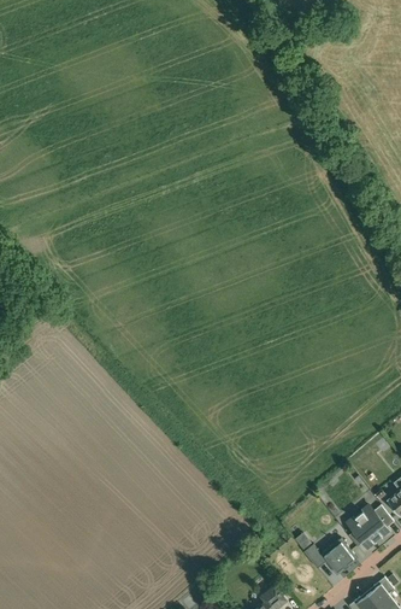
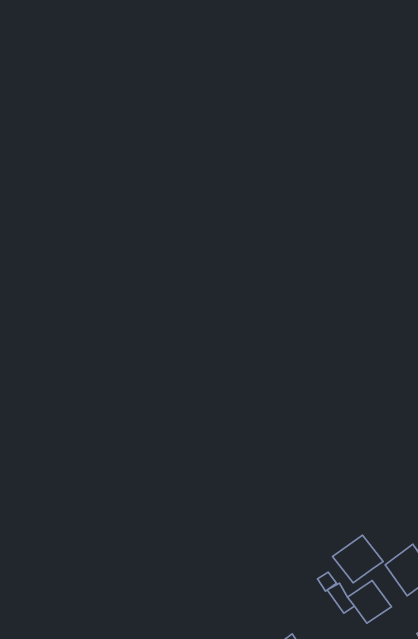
building: none -> [333,535,383,583]

